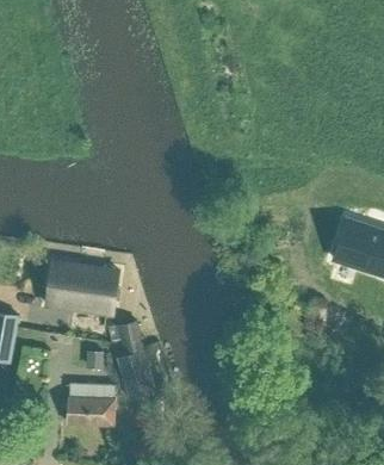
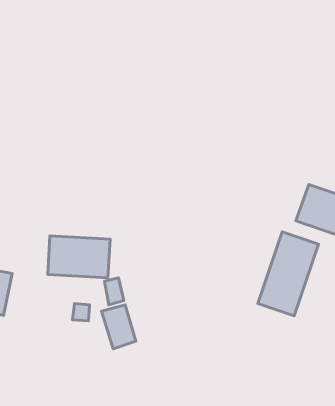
building: none -> [258,232,319,316]
building: [66,382,113,422] -> none

